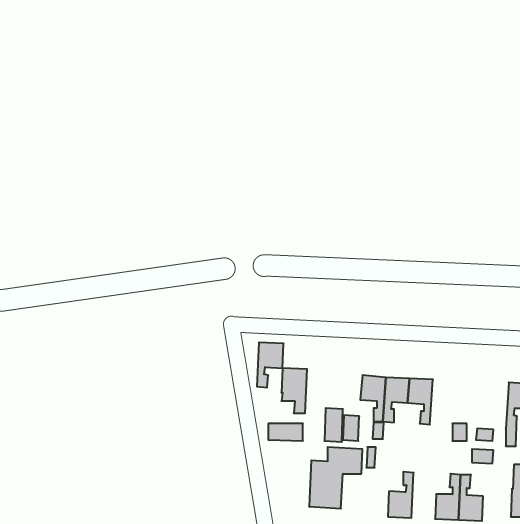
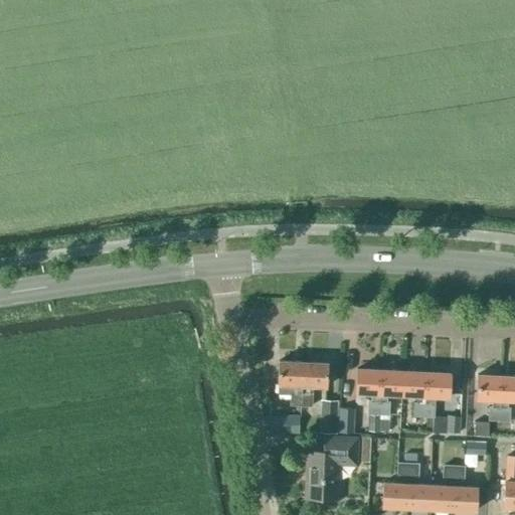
building: [257,342,284,388] -> [303,362,329,406]
building: none -> [425,372,452,416]
building: none -> [478,374,503,438]
building: none -> [407,464,432,509]

